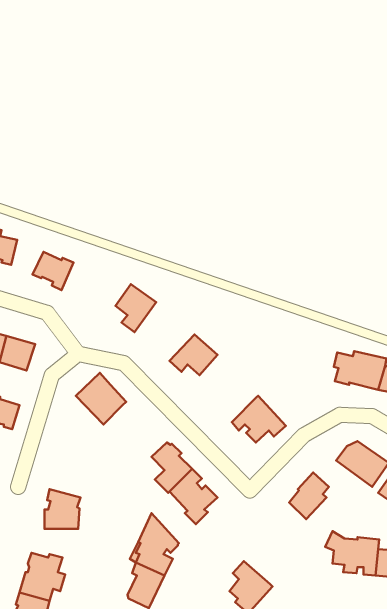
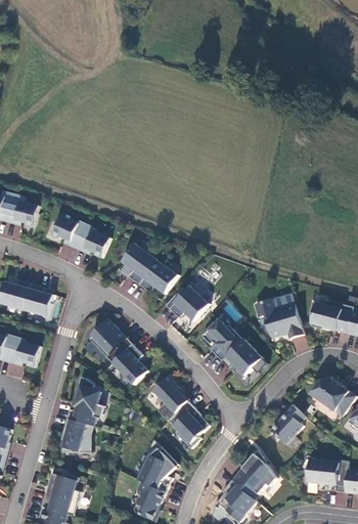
building: none -> [76,224,109,257]
building: none -> [138,258,178,293]
building: none -> [254,298,303,338]
building: none -> [200,321,242,360]
building: none -> [111,343,147,384]
building: none -> [65,376,103,426]
building: none -> [231,449,276,498]

